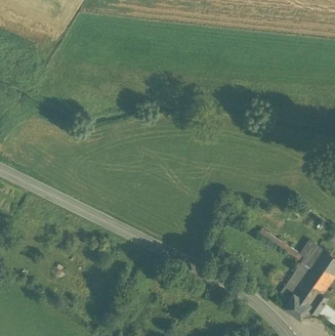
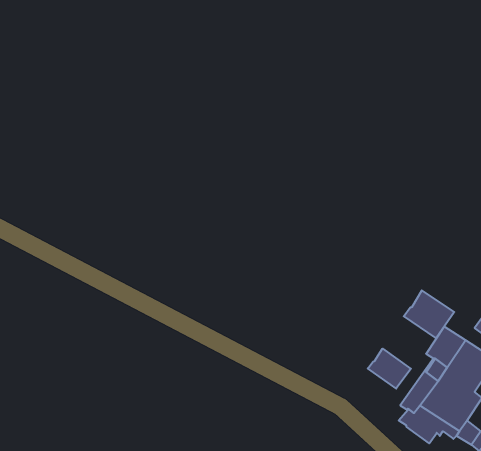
building: none -> [404,290,454,338]
building: none -> [368,349,411,389]

